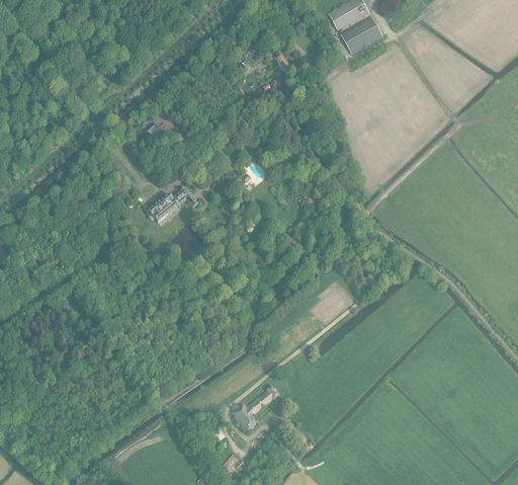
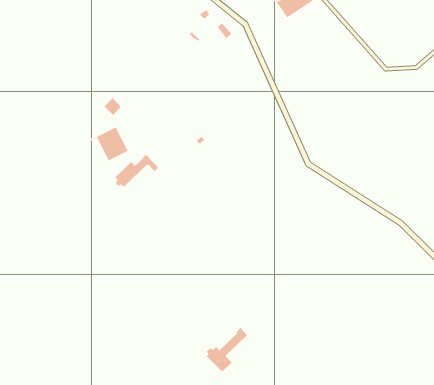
building: none -> [92,126,129,161]

